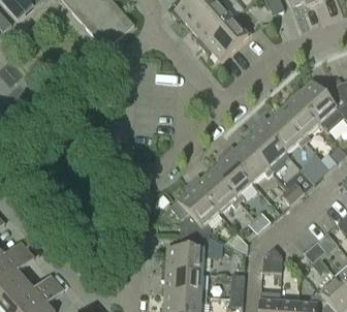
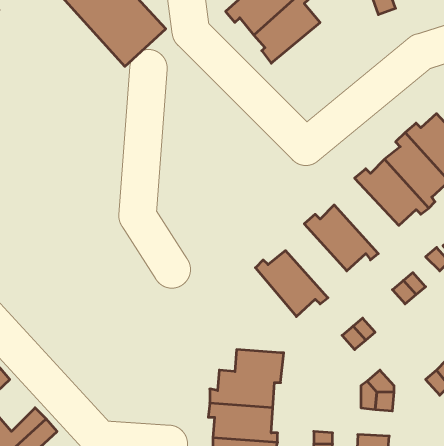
building: [202,19,252,60] -> none
building: [244,121,286,170] -> none
building: [212,151,252,199] -> none
building: [170,180,219,236] -> none

